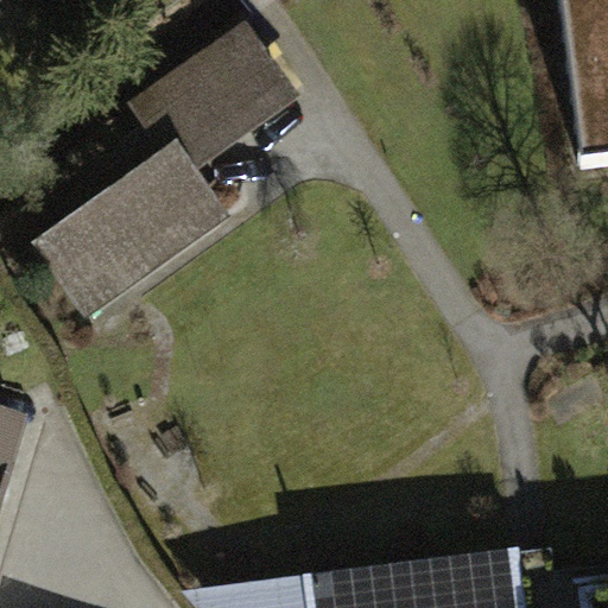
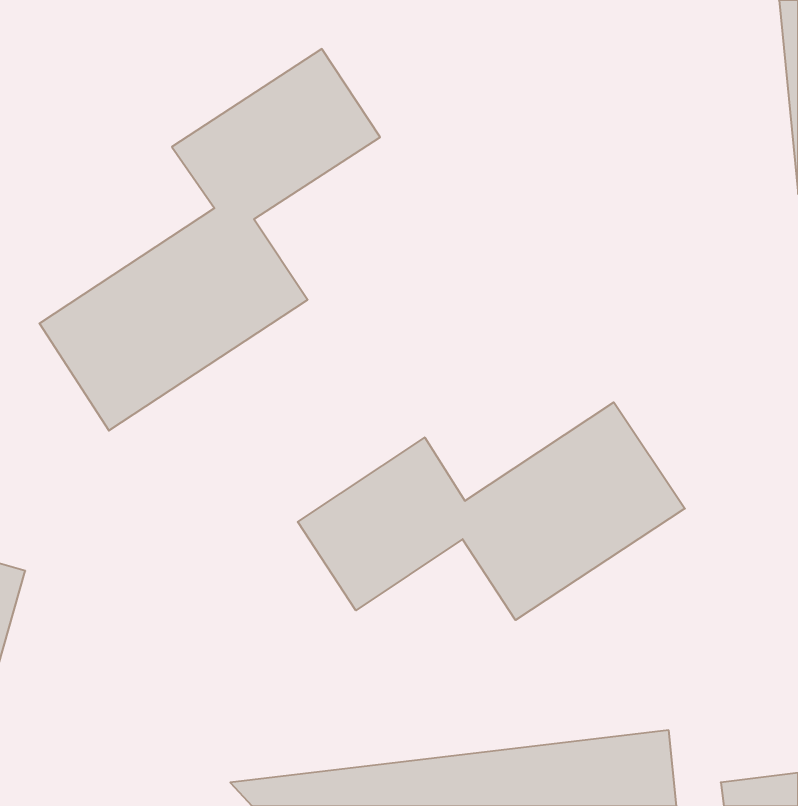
building: none -> [298,402,685,620]

